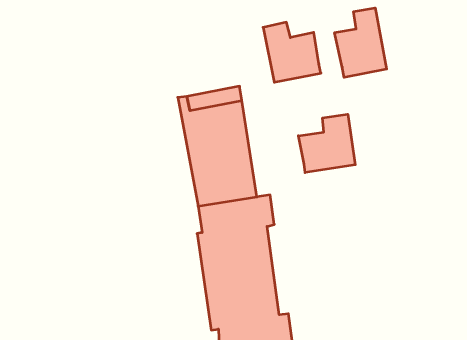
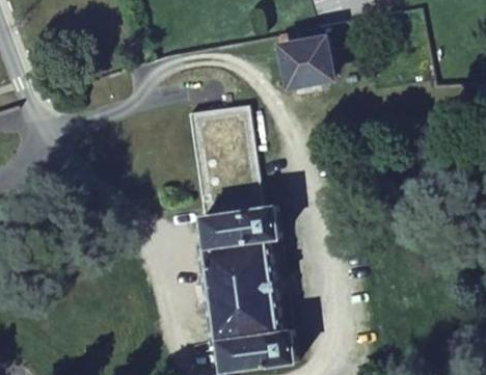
building: [335,8,387,77] -> none
building: [298,114,355,173] -> none

